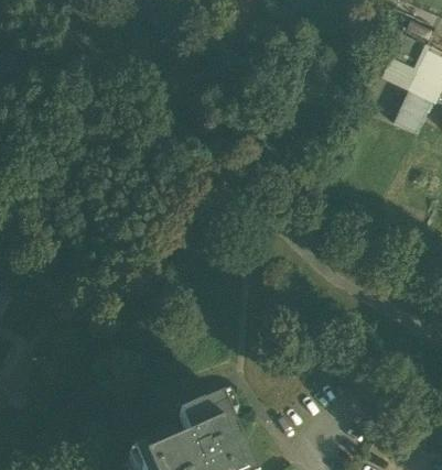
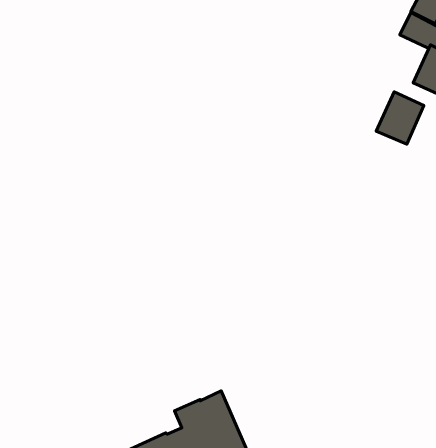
building: none -> [376,92,424,144]

